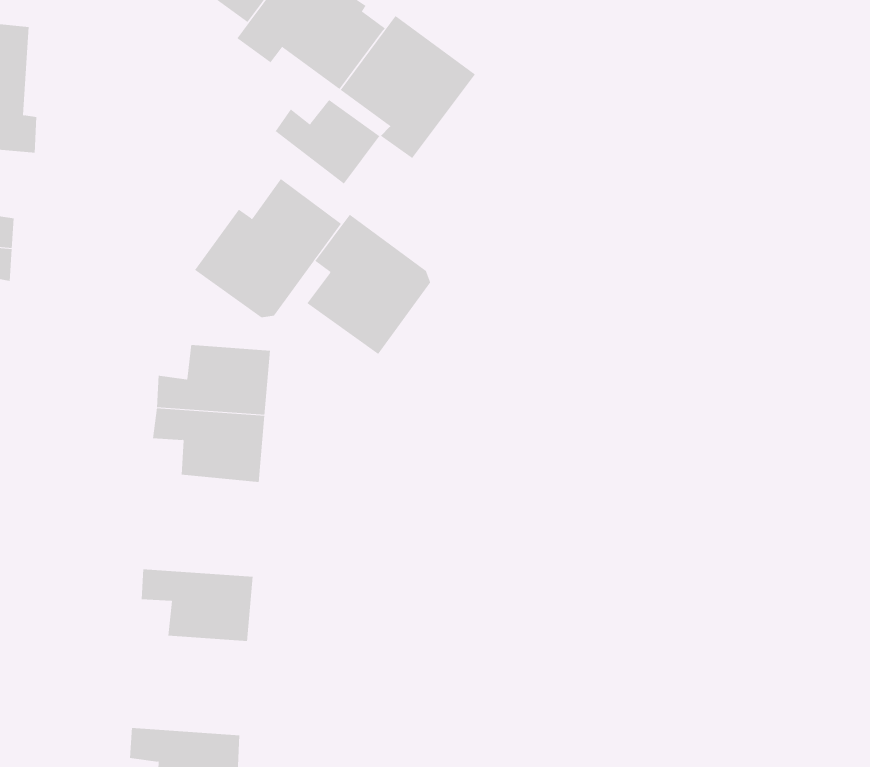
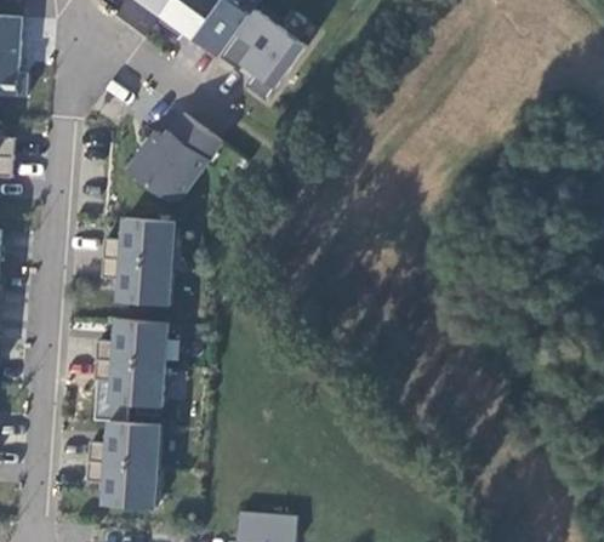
building: [275,99,380,185] -> none
building: [306,214,431,355] -> none
building: none -> [96,319,169,365]
building: none -> [89,421,161,466]

